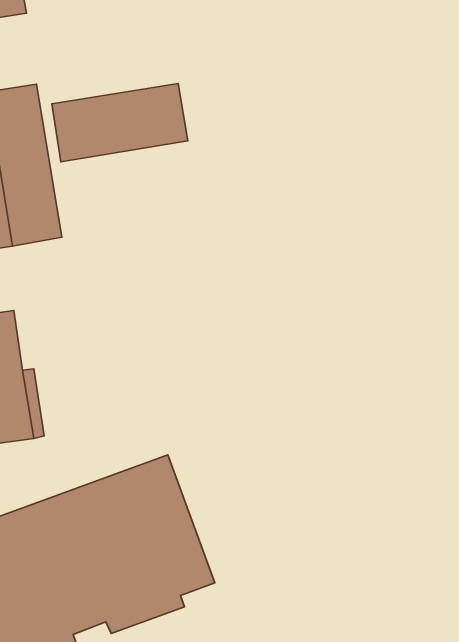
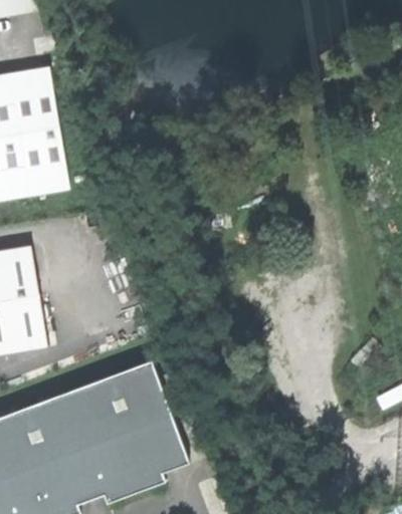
building: [52,83,188,162] -> none

